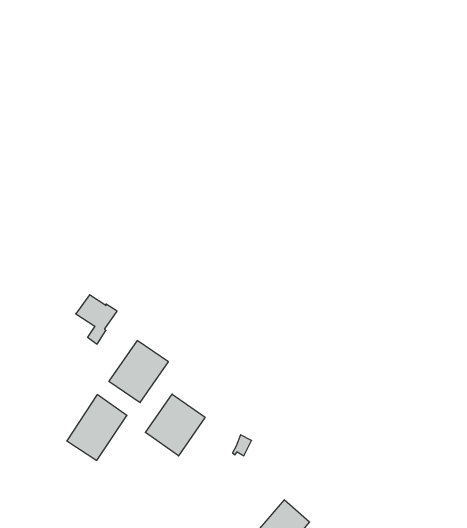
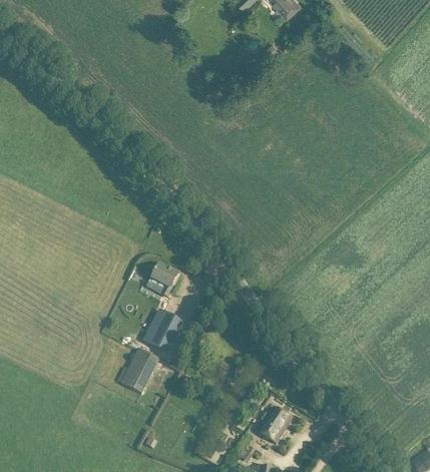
building: [76,295,117,344] -> [150,263,178,296]
building: [145,394,205,456] -> none

